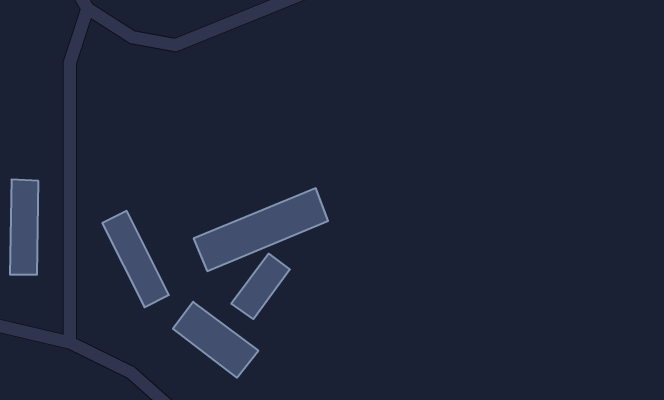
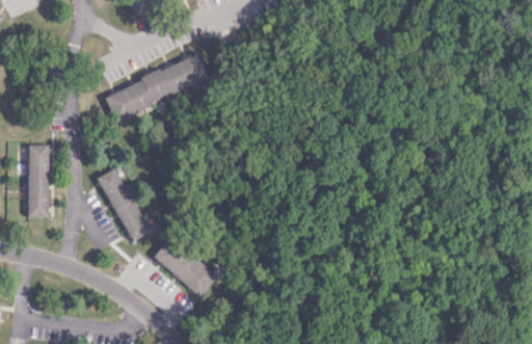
building: [194,188,328,271] -> [106,55,209,118]
building: [231,254,290,319] -> none

